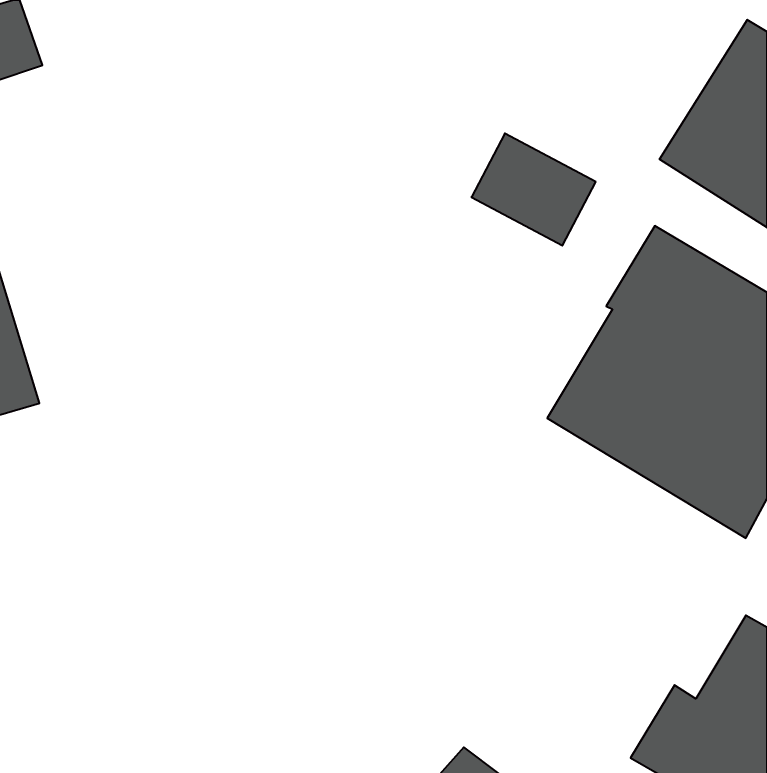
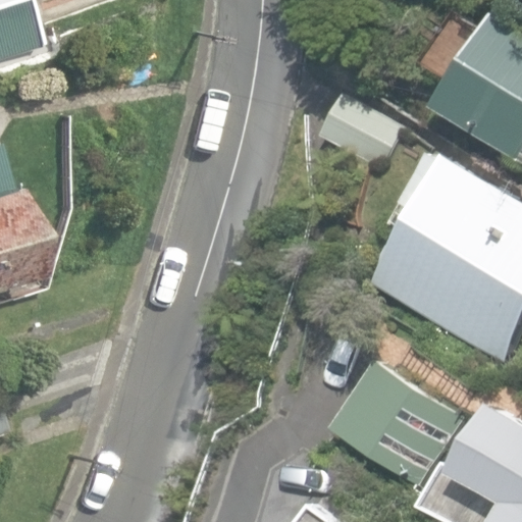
building: none -> [331,360,462,484]

